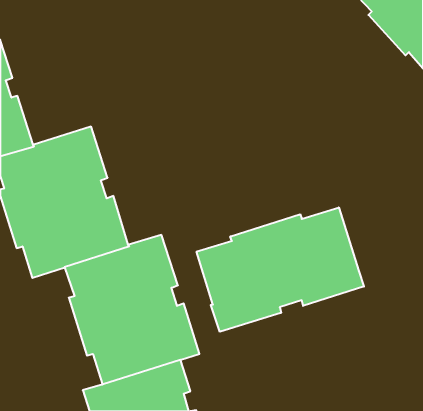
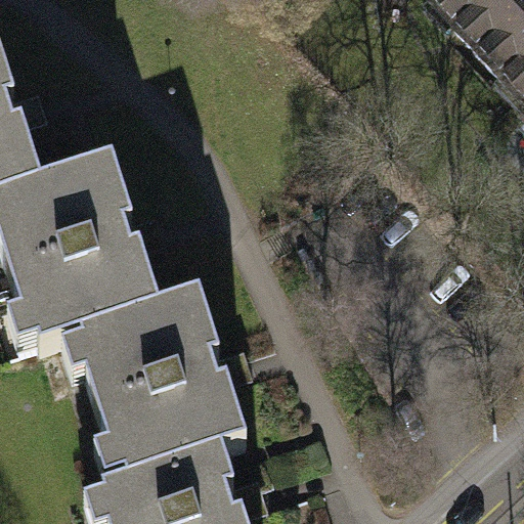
building: [197,207,364,332] -> none

